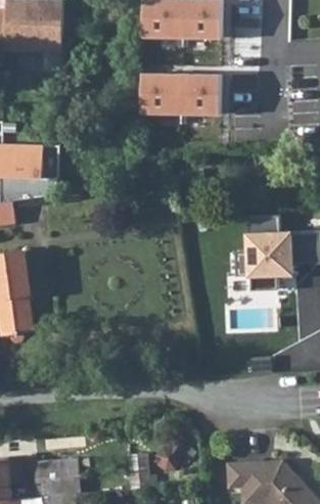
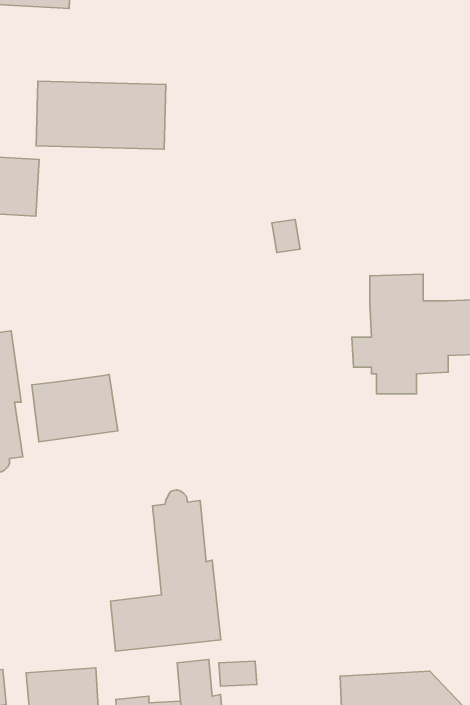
building: [139,75,219,117] -> [36,81,166,149]
building: none -> [32,374,118,442]
building: none -> [110,490,221,651]

